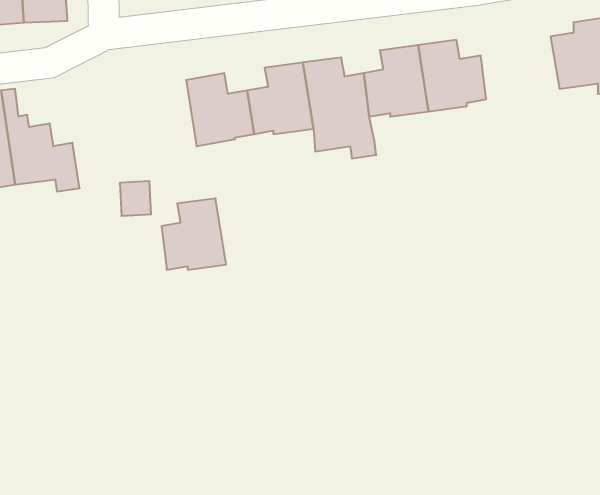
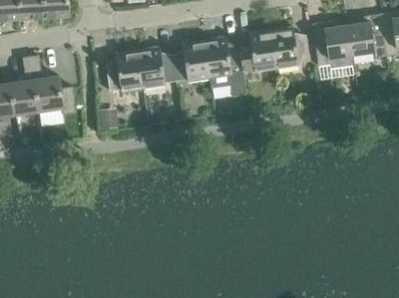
building: none -> [312,21,353,69]
building: [161,198,226,270] -> [106,50,143,91]

